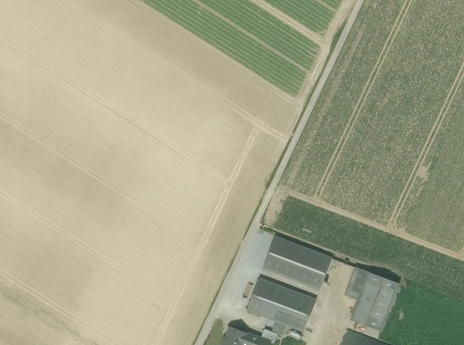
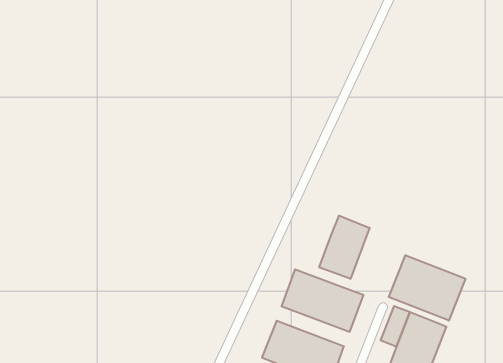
building: none -> [319,216,370,279]
building: none -> [389,255,465,321]

